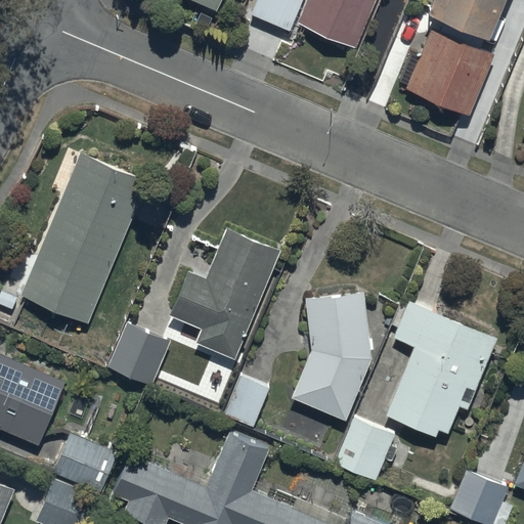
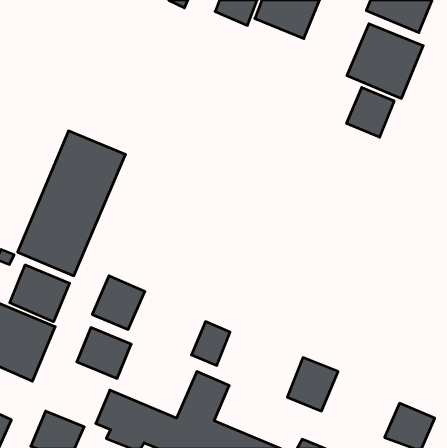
building: none -> [347,87,394,137]
building: [169,229,278,358] -> none
building: [292,293,369,421] -> none
building: [386,302,496,437] -> none
building: none -> [10,265,70,322]
building: [53,433,117,492] -> [77,328,131,378]

